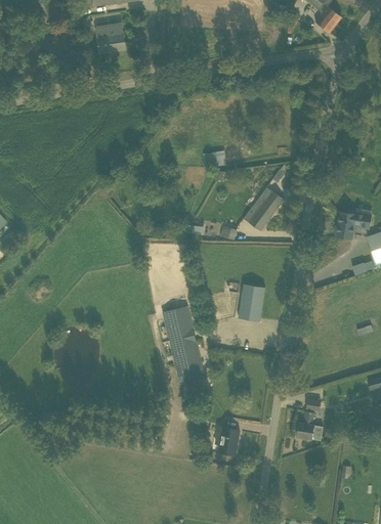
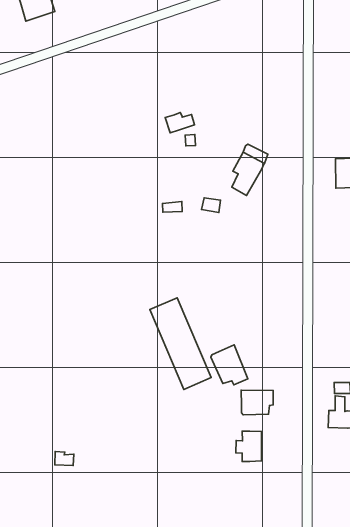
building: [238,283,264,320] -> none
building: none -> [211,345,248,385]
building: none -> [241,390,273,415]

